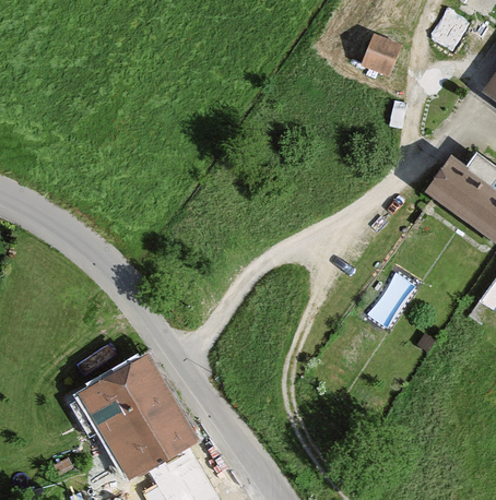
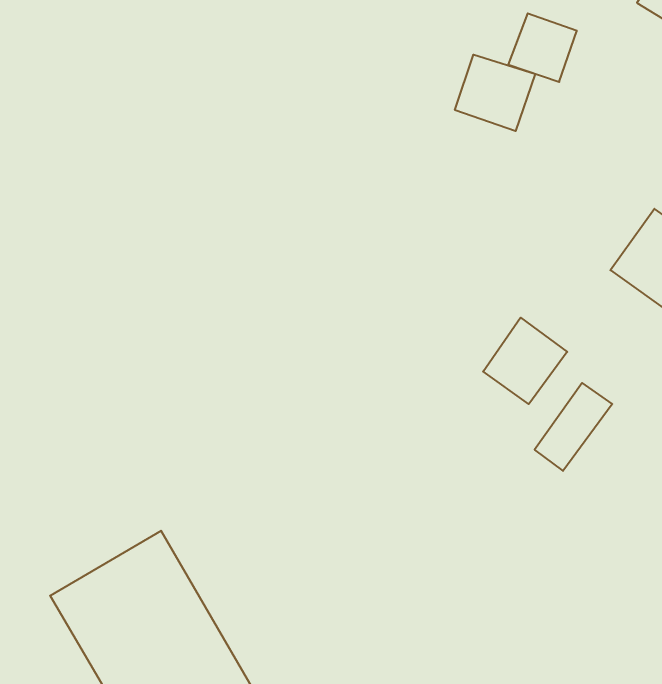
building: none -> [455,55,535,131]
building: none -> [483,318,567,404]

